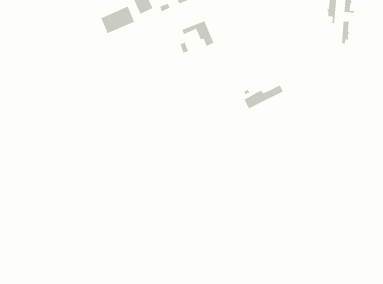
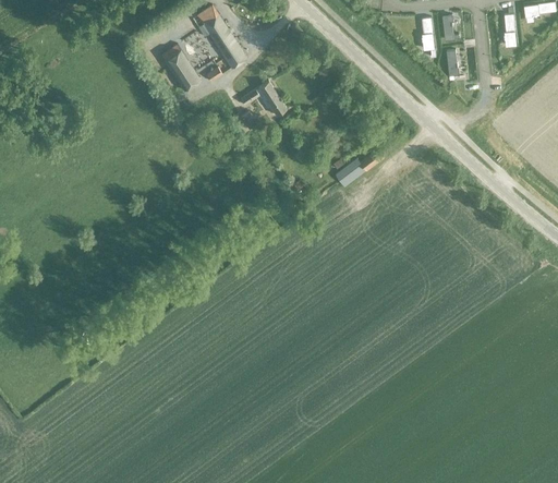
building: [100,6,135,34] -> none

